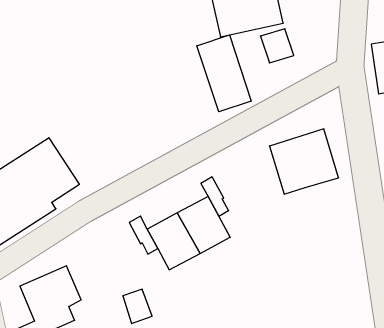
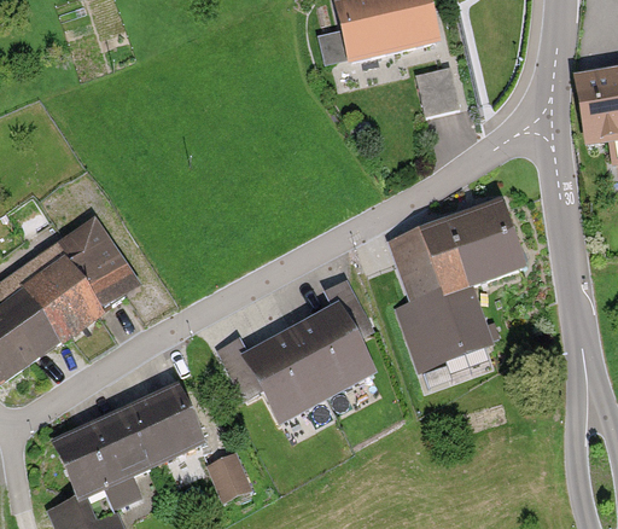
building: [197,35,251,112] -> none
building: none -> [387,228,495,372]
building: none -> [123,383,198,457]

